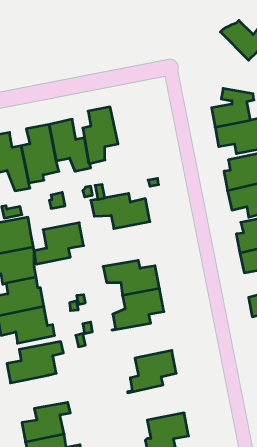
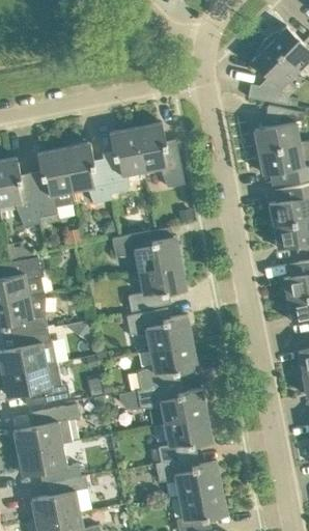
building: none -> [247,39,297,106]
building: none -> [134,122,184,187]
building: [34,223,84,264] -> [128,262,186,311]
building: none -> [136,382,206,423]
building: none -> [17,443,84,483]
building: none -> [154,454,221,496]

